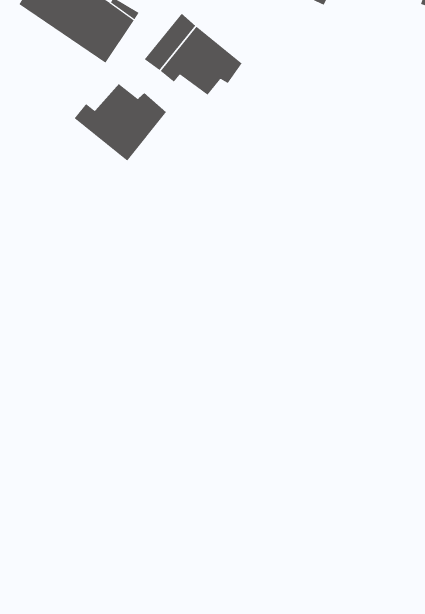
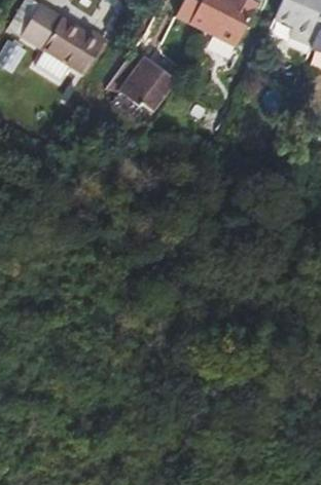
building: [74,83,167,161] -> none

